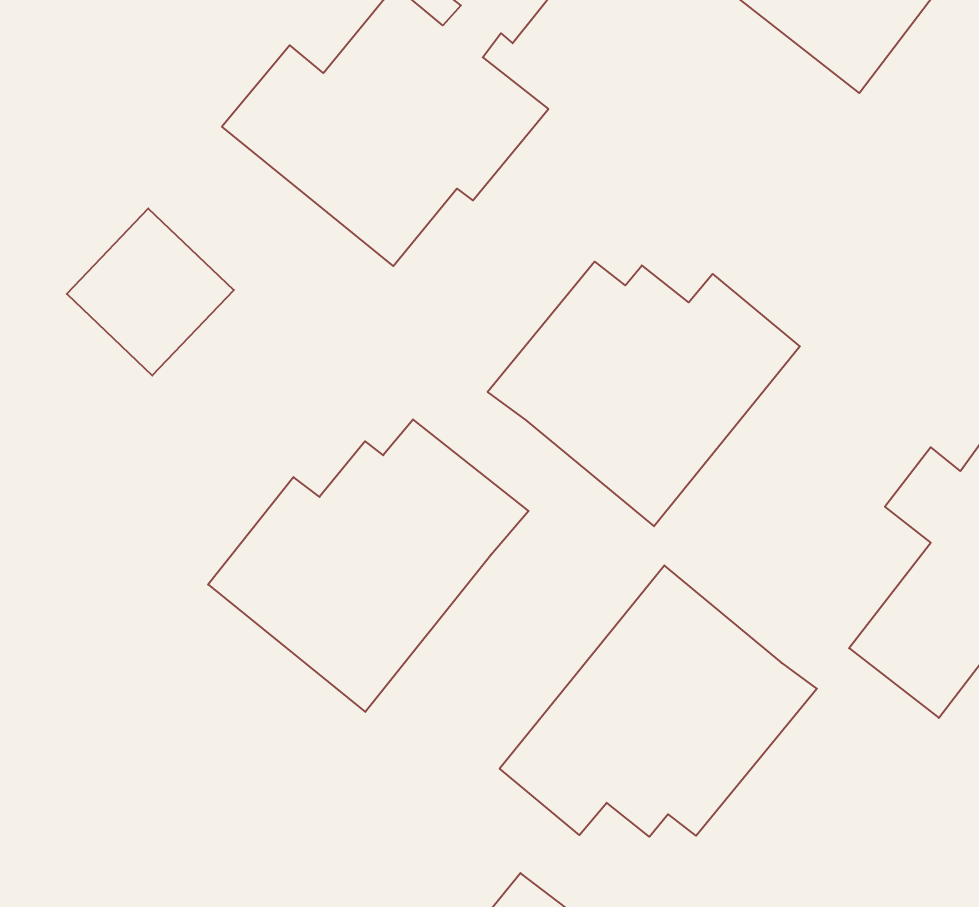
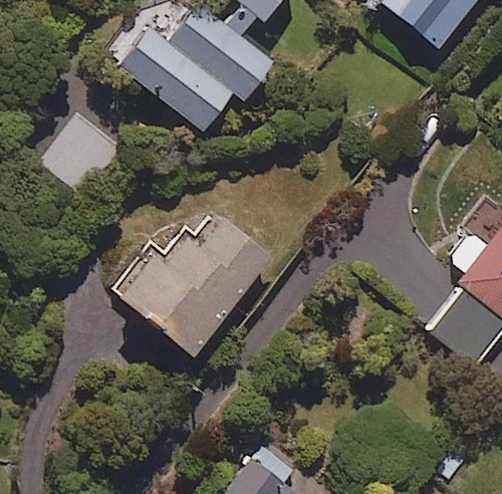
building: [488,262,800,526] -> none
building: [500,565,817,837] -> none

